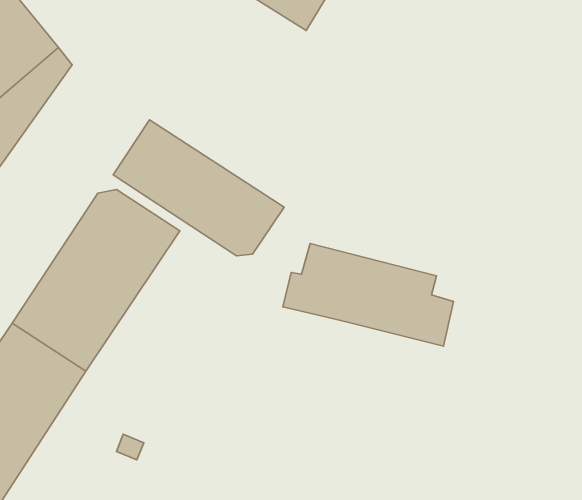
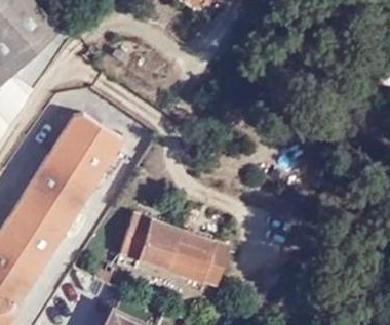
building: [113,120,284,256] -> none
building: [283,243,454,346] -> [118,215,221,277]

